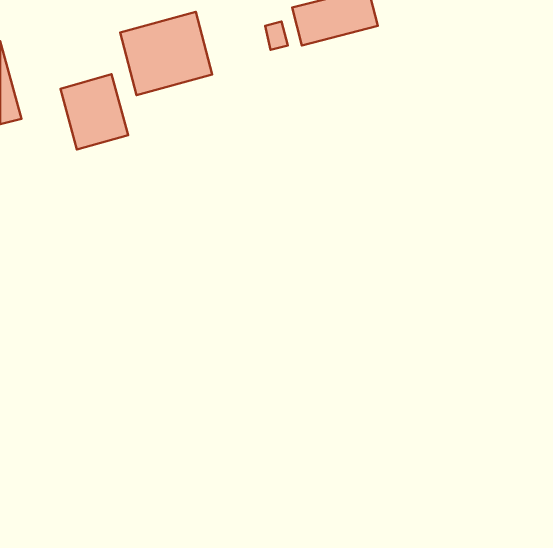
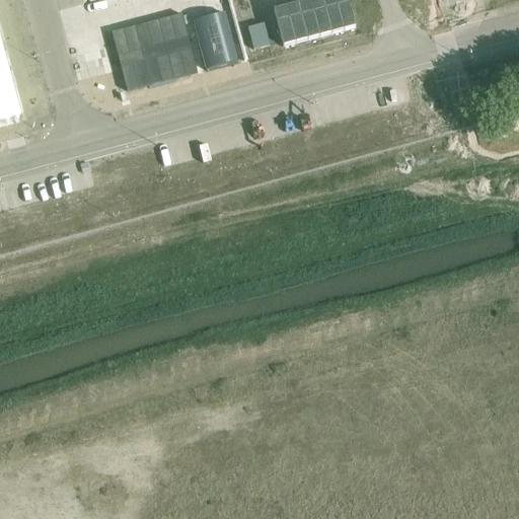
building: none -> [193,10,237,68]
building: [60,74,128,150] -> none

